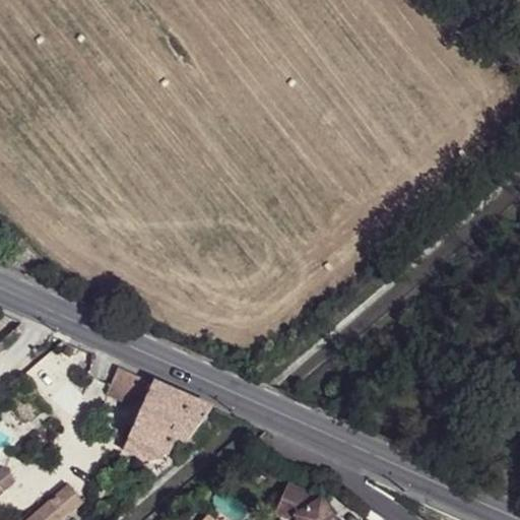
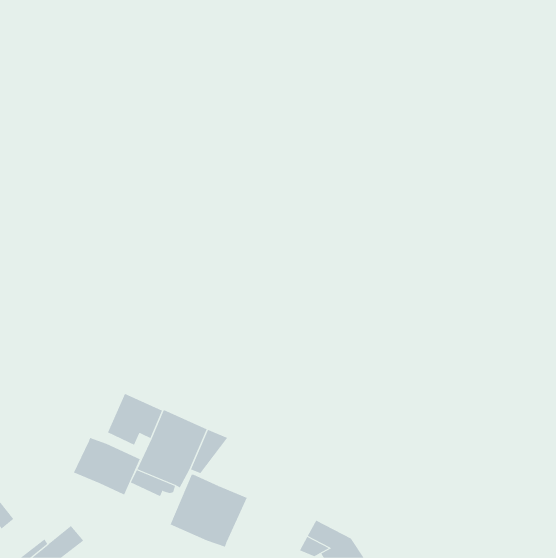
building: none -> [73,437,140,495]
building: none -> [170,474,248,547]

